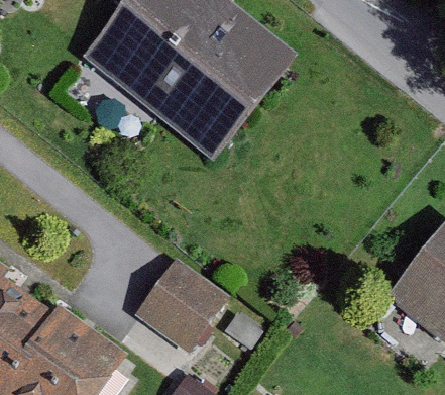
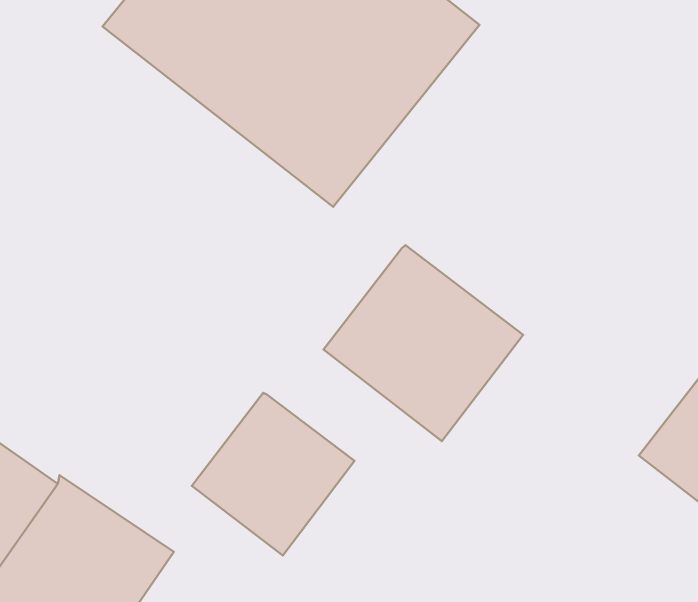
building: none -> [323,245,523,441]

